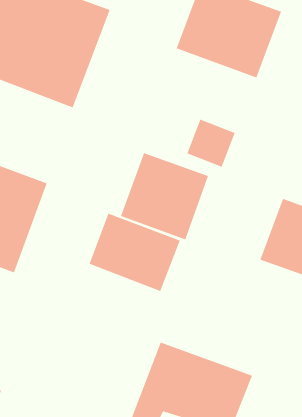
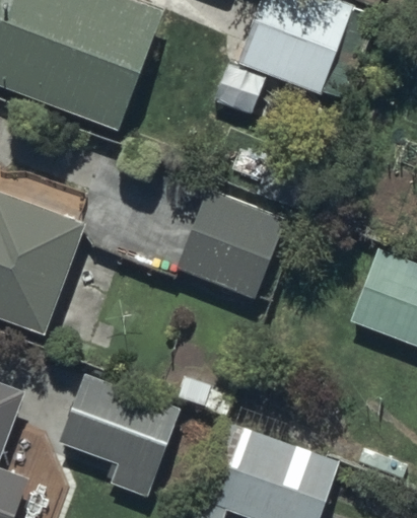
building: [89,213,180,292] -> none
building: none -> [60,374,181,497]

